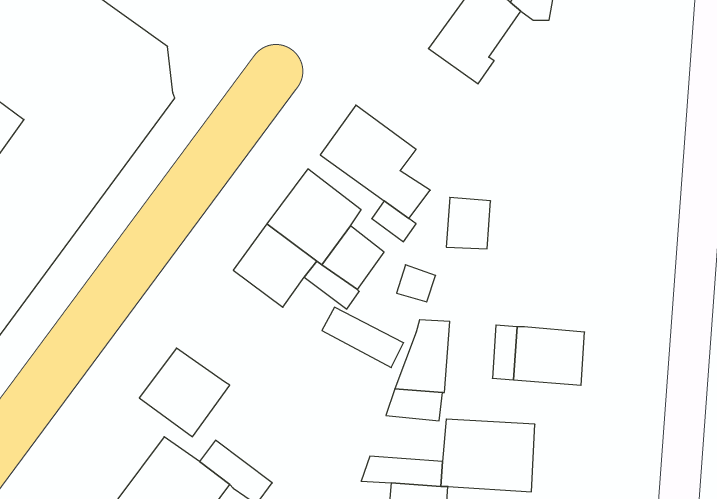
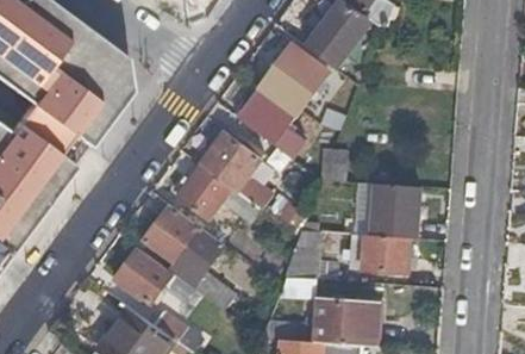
building: none -> [256,46,326,117]
building: none -> [369,186,419,240]
building: none -> [142,206,231,310]

